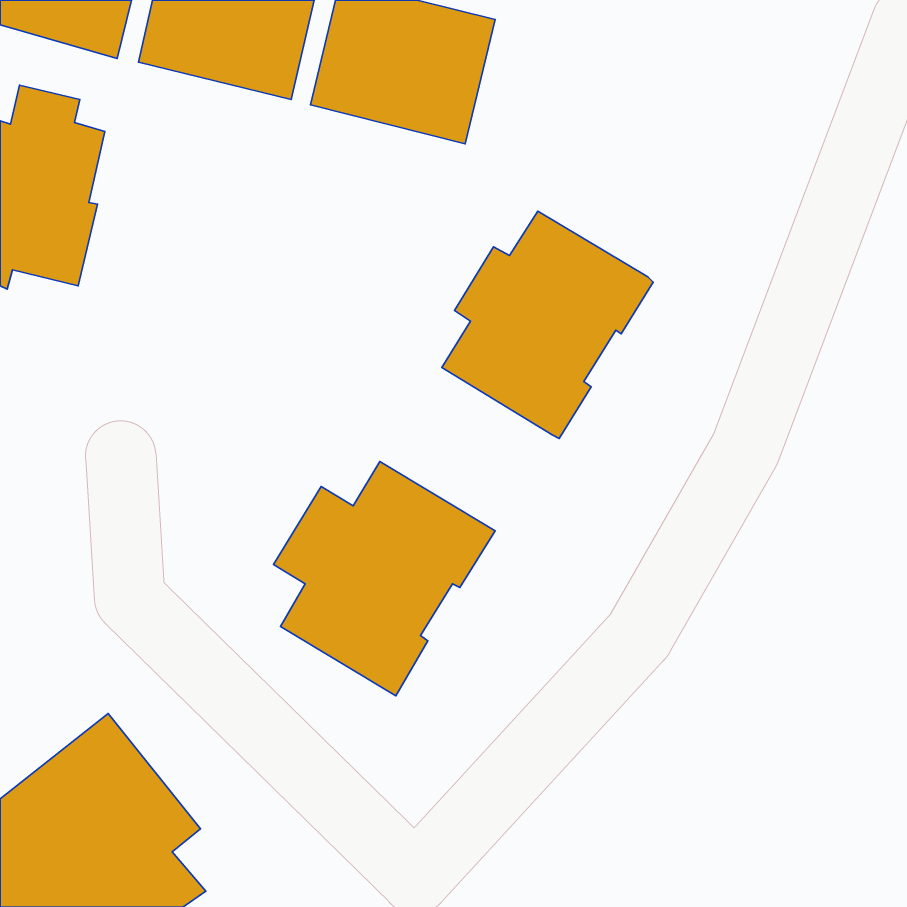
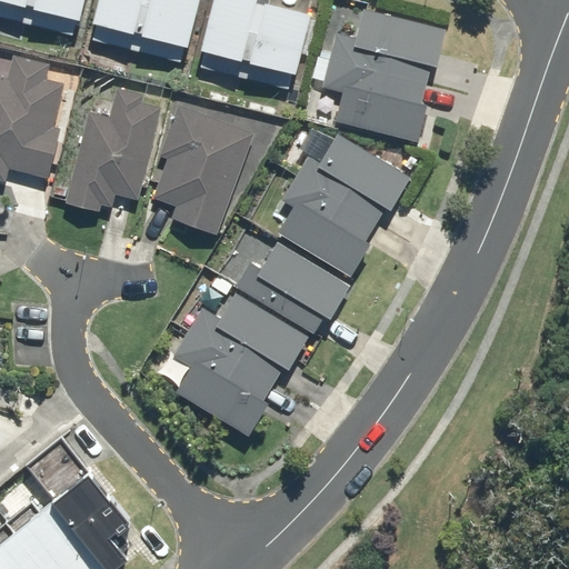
building: none -> [311,10,445,141]
building: none -> [67,87,159,211]
building: none -> [151,104,254,233]
building: none -> [234,241,349,333]

